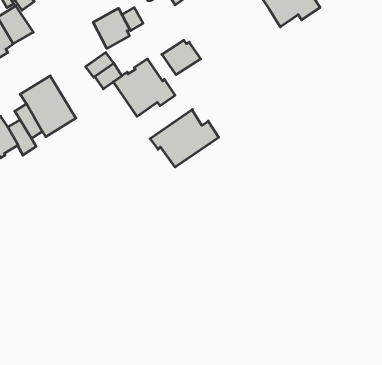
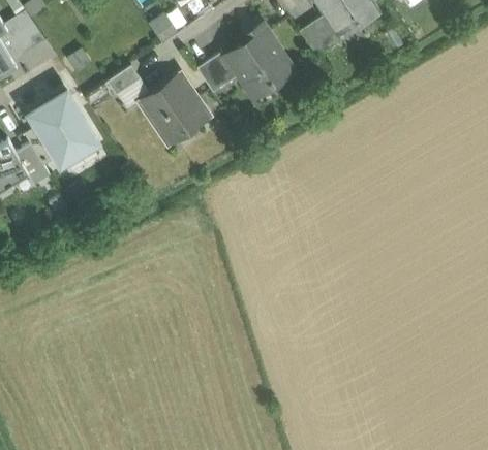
building: [93,8,130,48] -> none
building: none -> [300,15,340,57]
building: none -> [228,25,291,88]
building: [150,109,219,167] -> none

